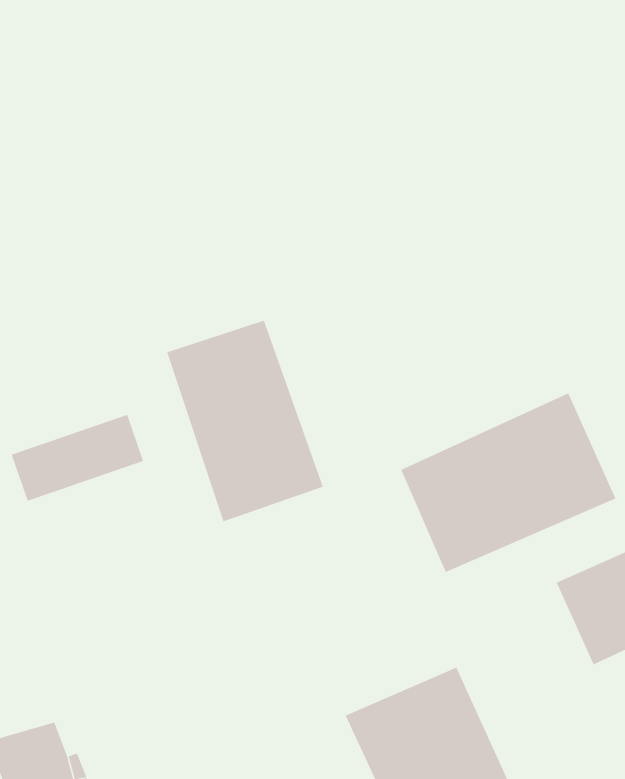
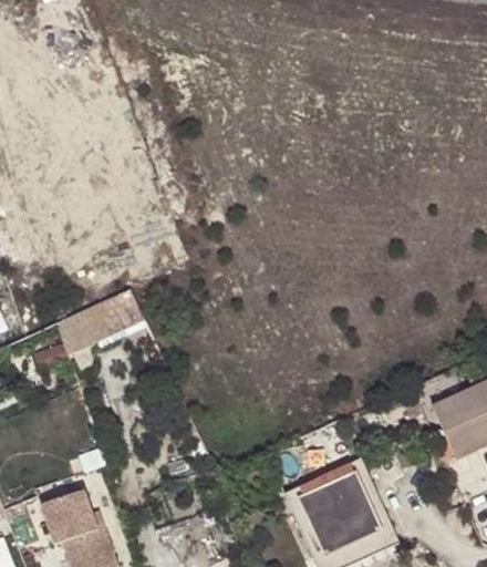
building: [166,320,323,522] -> none
building: [401,393,616,573] -> none

